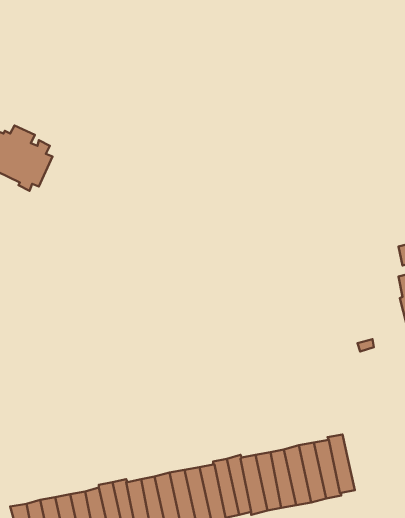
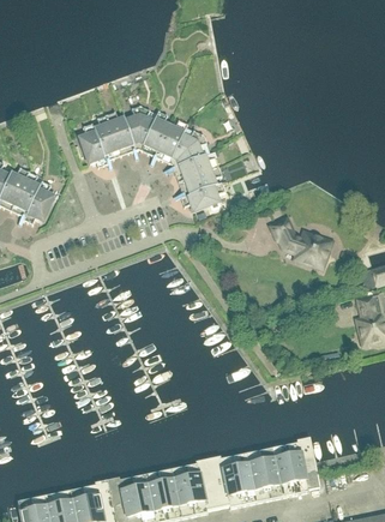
building: none -> [79,104,224,209]
building: none -> [270,218,331,264]

